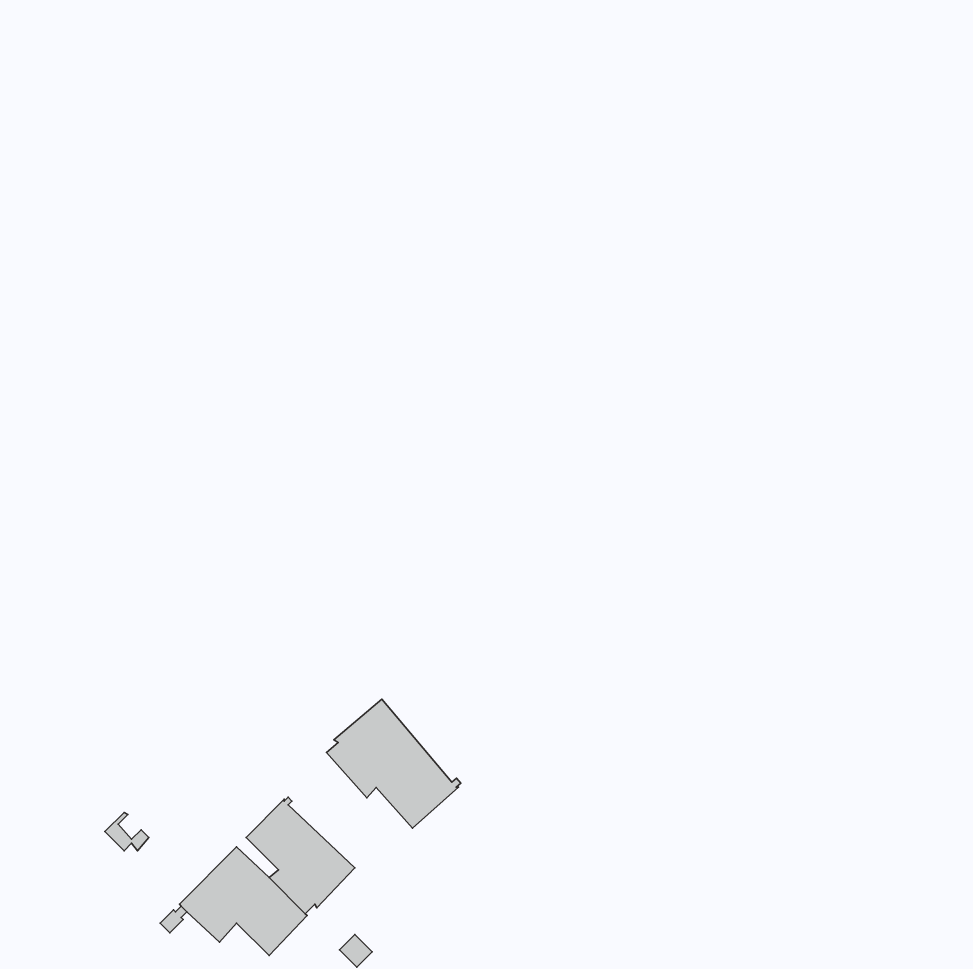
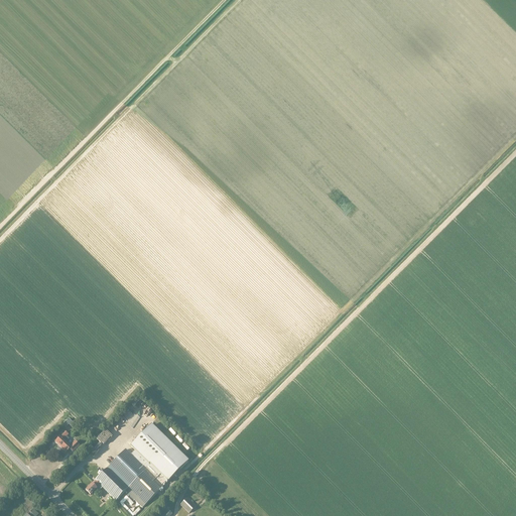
building: [327,699,461,828] -> none

